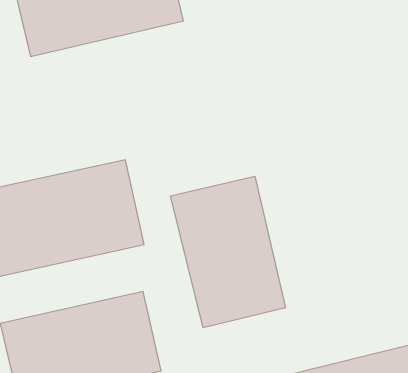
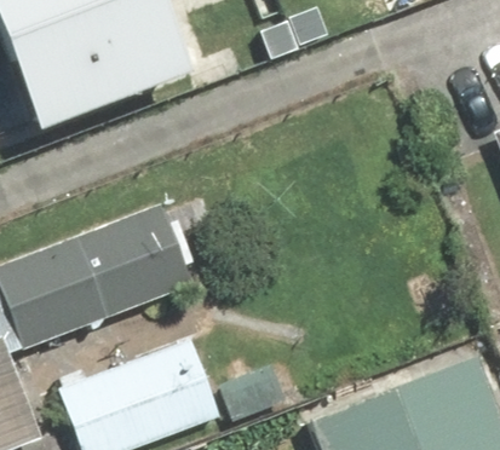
building: [171,176,286,328] -> none

